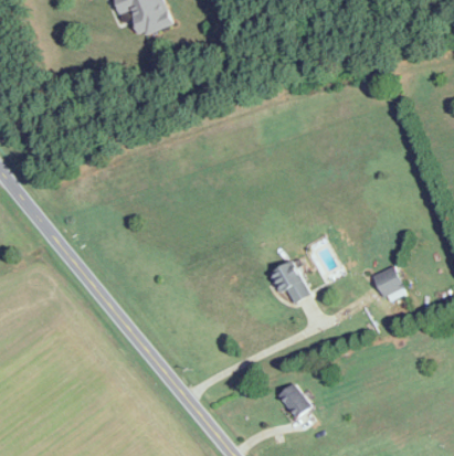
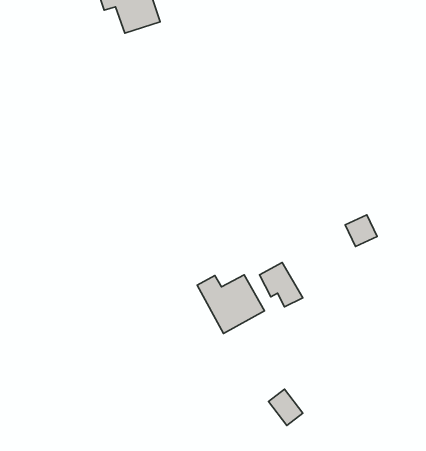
building: [372,266,403,297] -> [345,215,377,247]
building: none -> [197,275,265,334]

